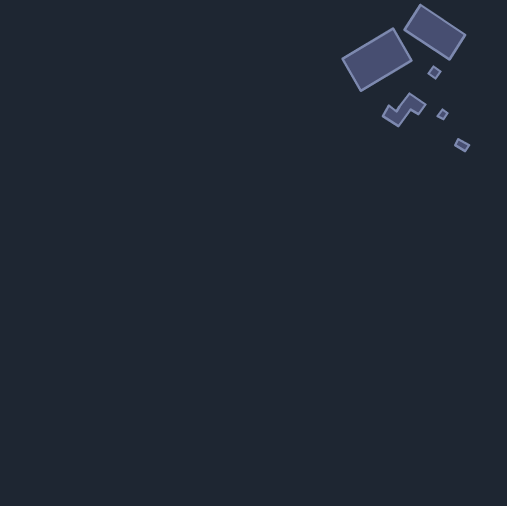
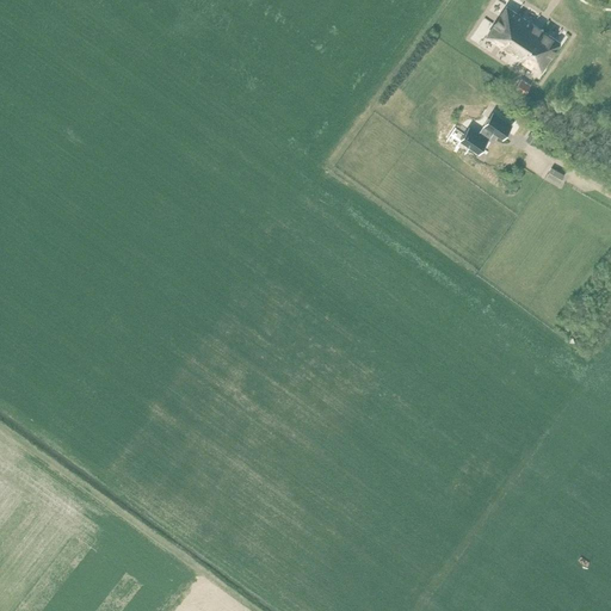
building: [343,29,412,91] -> none

